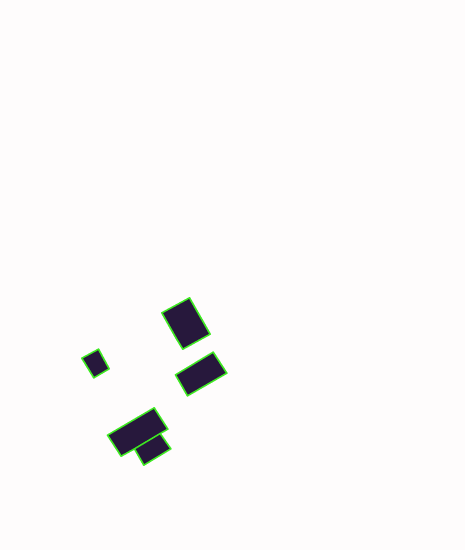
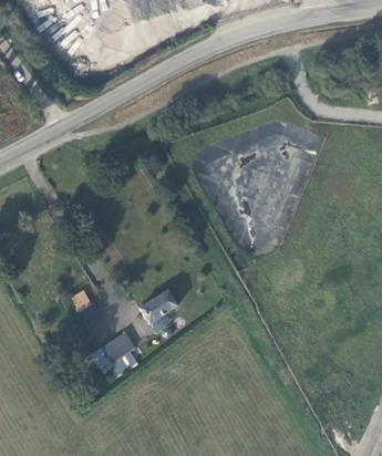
building: [162,298,210,349] -> none

